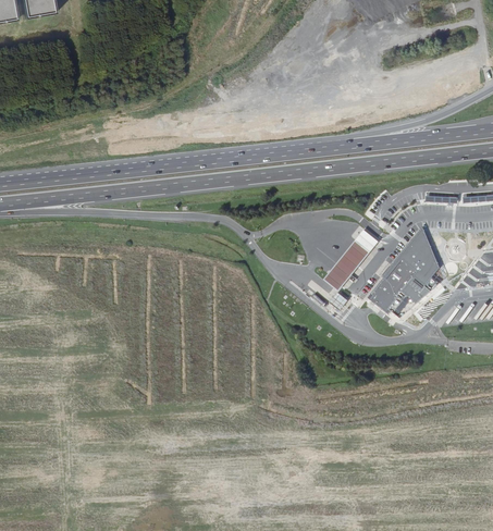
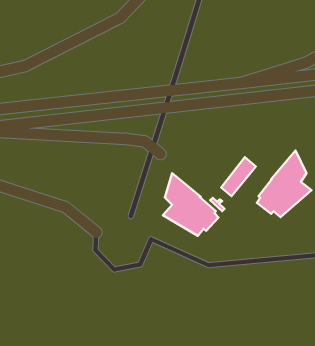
building: none -> [163,173,219,236]

